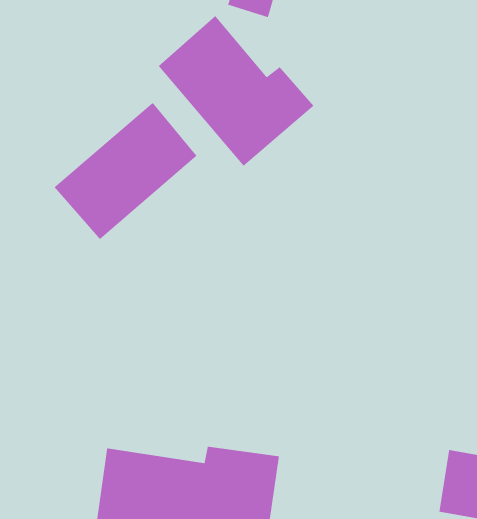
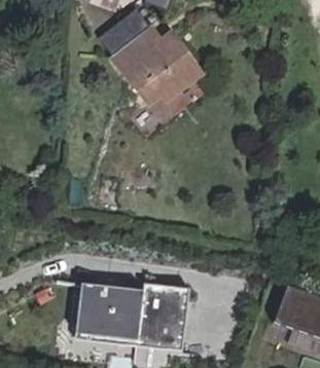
building: [53,102,197,240] -> none

